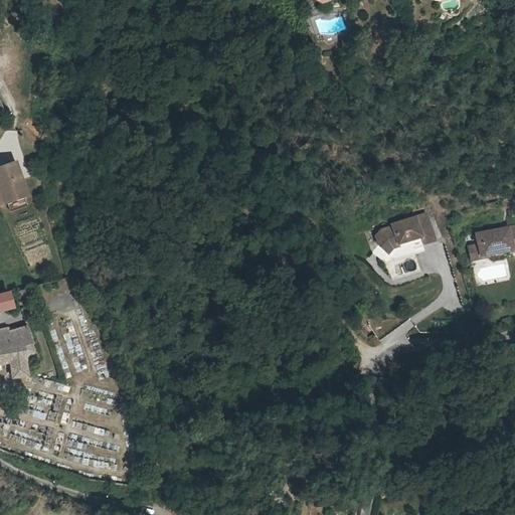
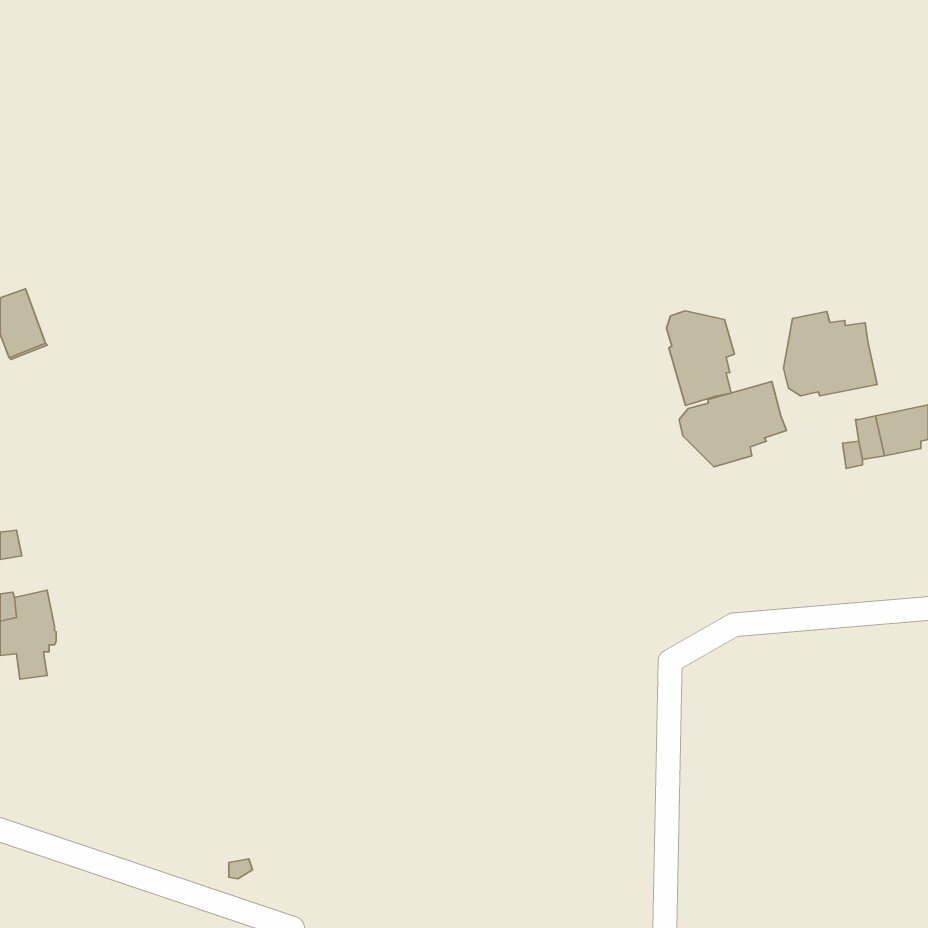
building: none -> [666,311,734,406]
building: none -> [783,312,877,396]

